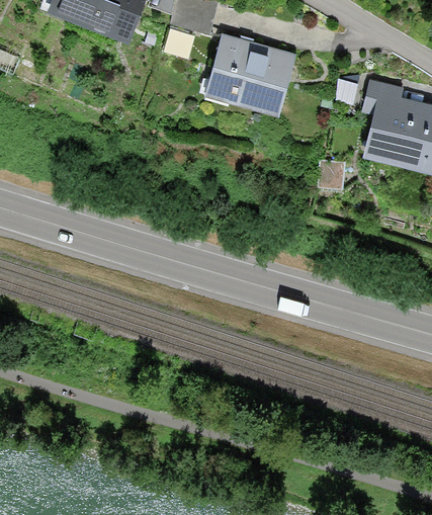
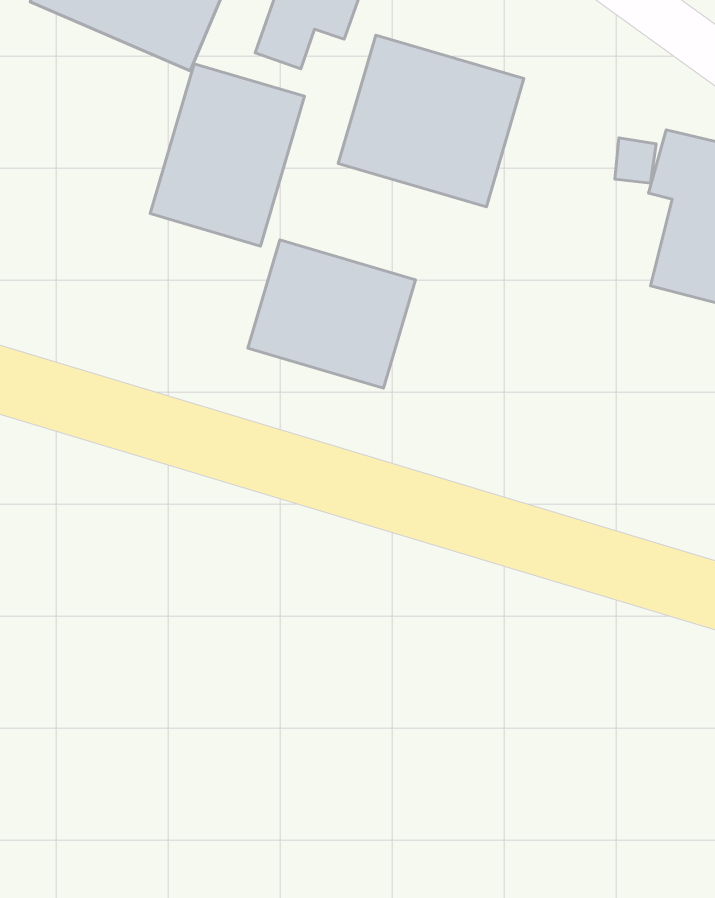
building: none -> [150,64,305,246]
building: none -> [248,240,416,388]

